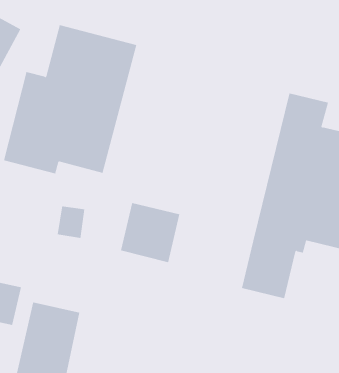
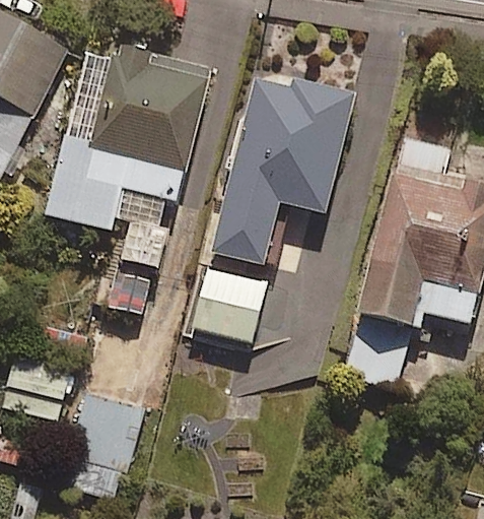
building: none -> [213,73,354,263]

